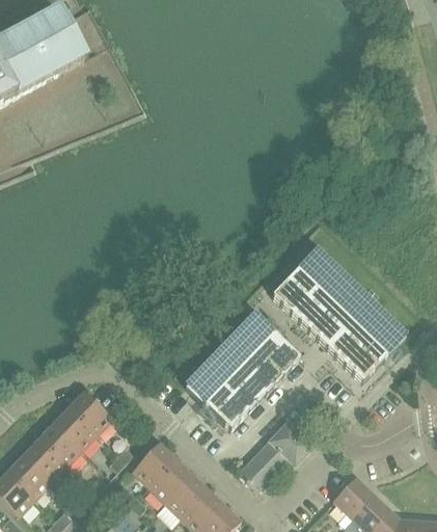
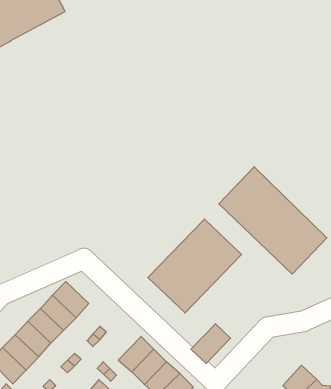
building: [268,421,312,463] -> none
building: [132,442,176,486] -> none
building: [333,476,374,517] -> none

